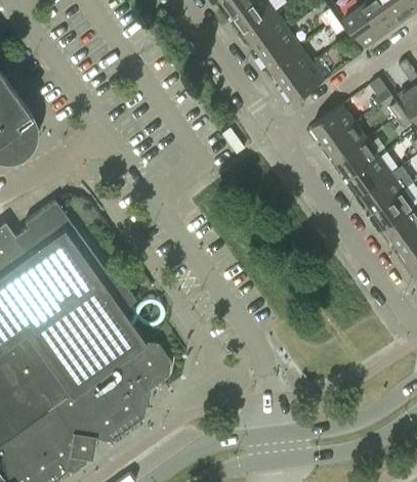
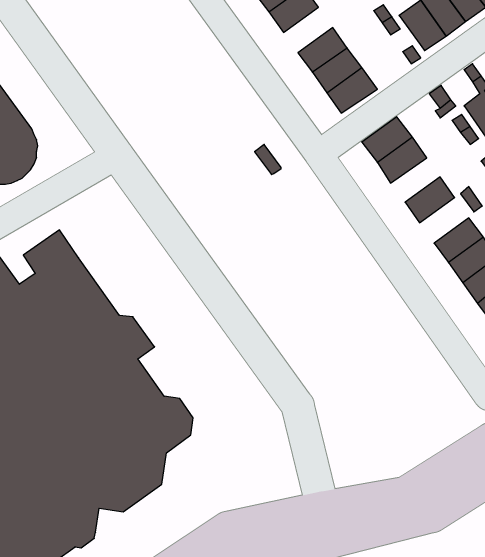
building: [245,12,287,51] -> none
building: [336,140,378,178] -> none
building: [361,174,403,213] -> none

